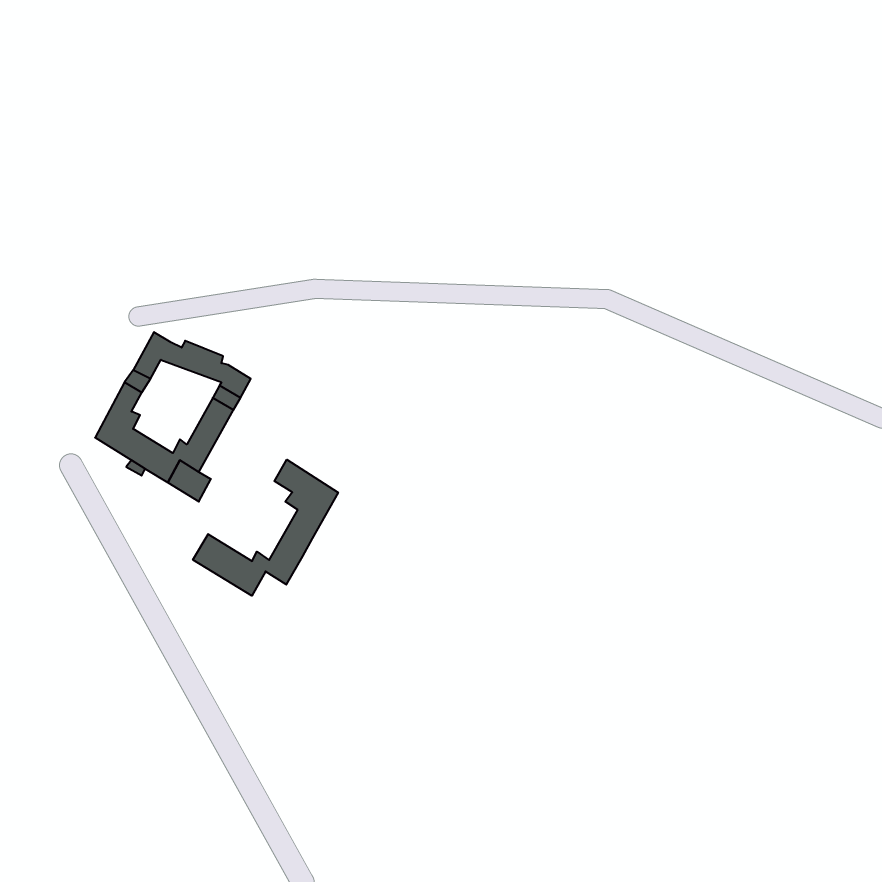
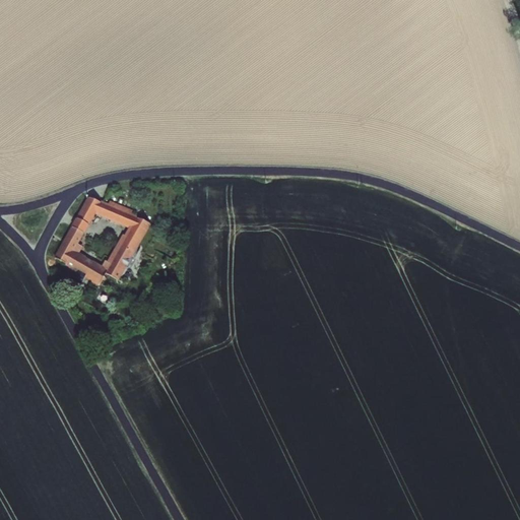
building: [193,460,338,596] -> none

